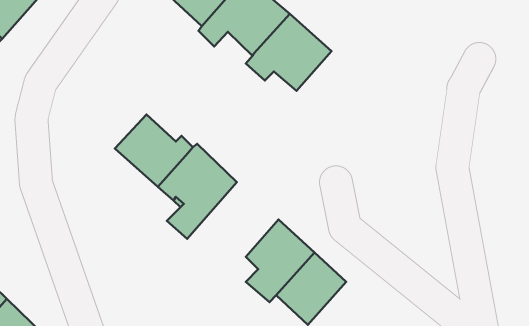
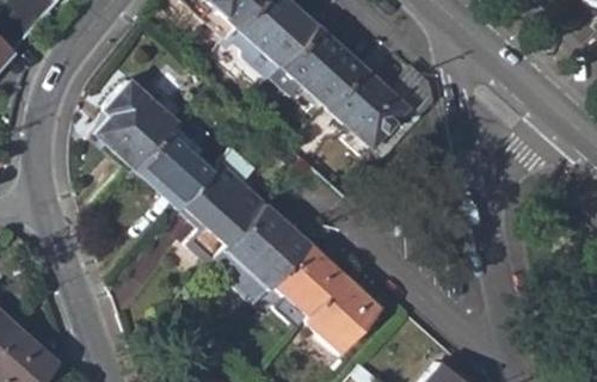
building: none -> [328,66,410,147]
building: none -> [97,80,178,168]
building: none -> [213,204,309,304]

